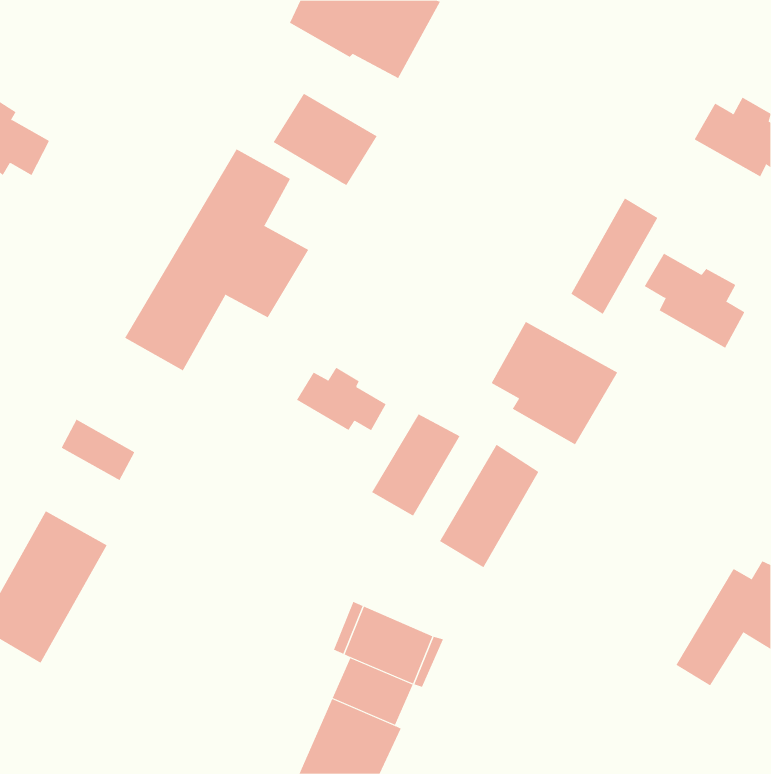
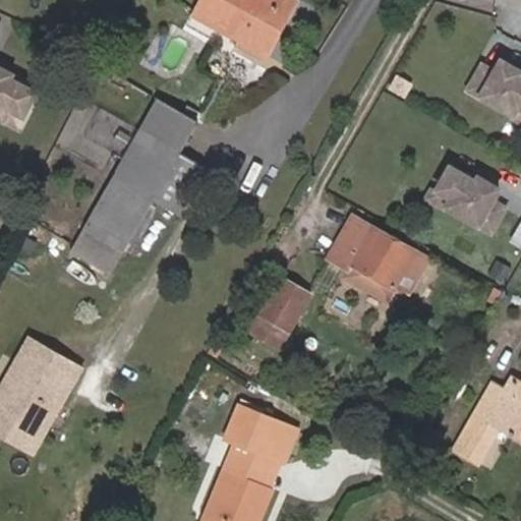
building: [273,93,377,186] -> none
building: [571,198,658,315] -> none
building: [296,367,386,431] -> none
building: [61,419,135,481] -> [73,227,123,269]
building: [439,444,539,568] -> none

